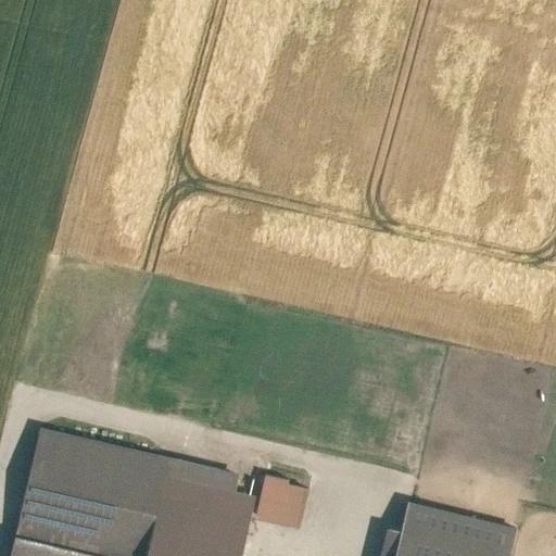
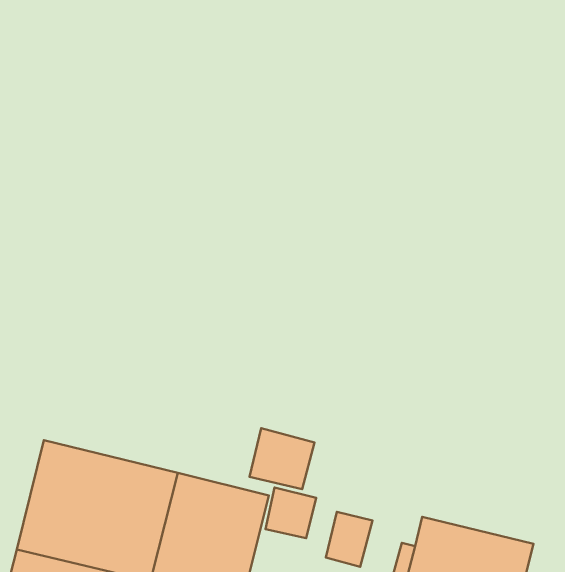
building: none -> [249,428,315,489]
building: none -> [326,512,372,567]

